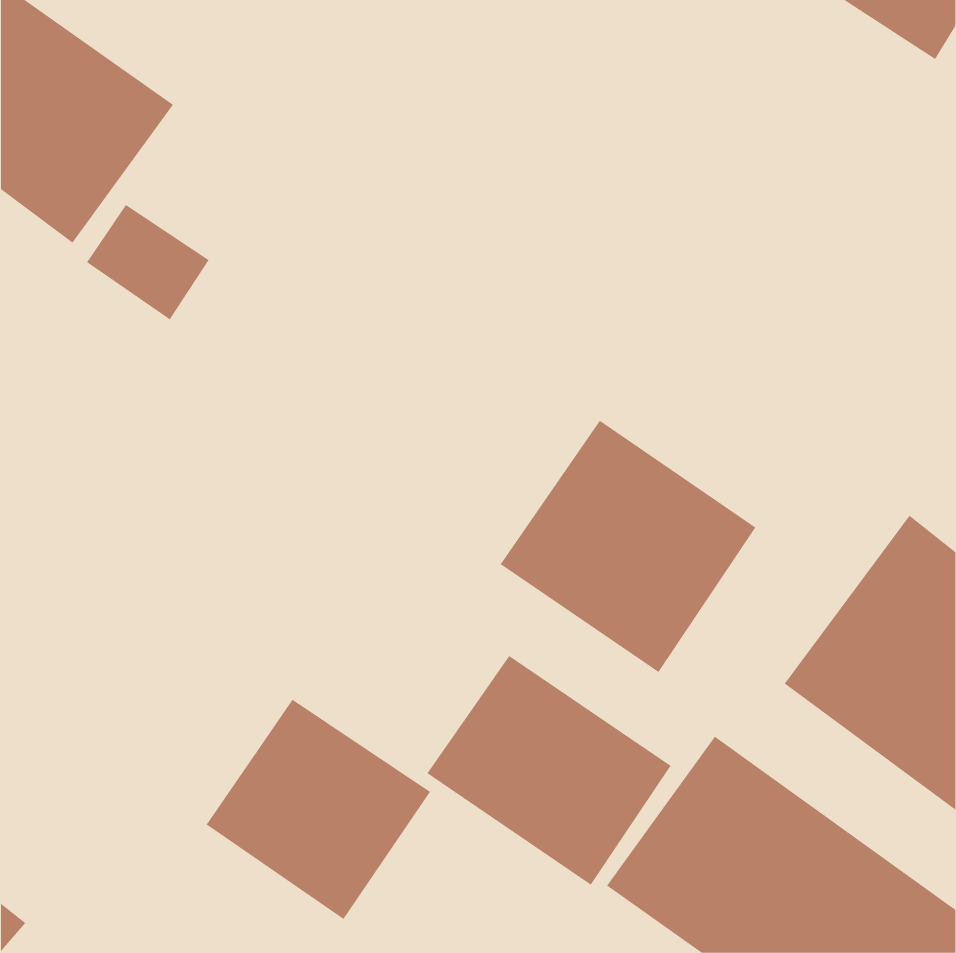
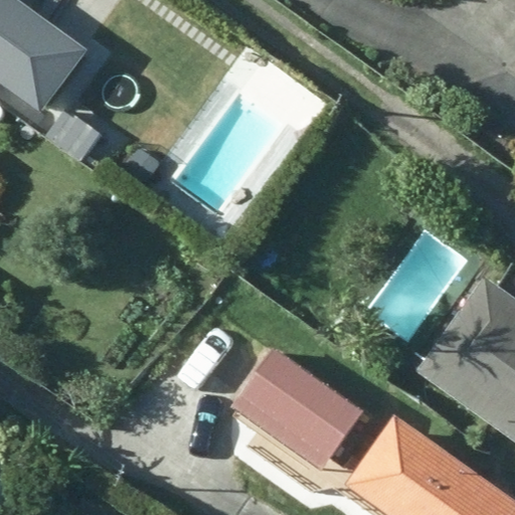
building: [500,420,756,673] -> none
building: [206,699,431,920] -> none

